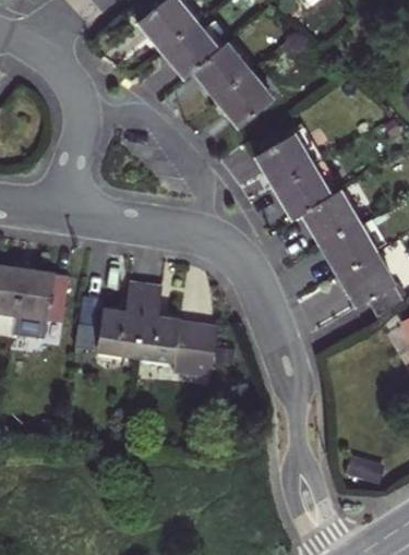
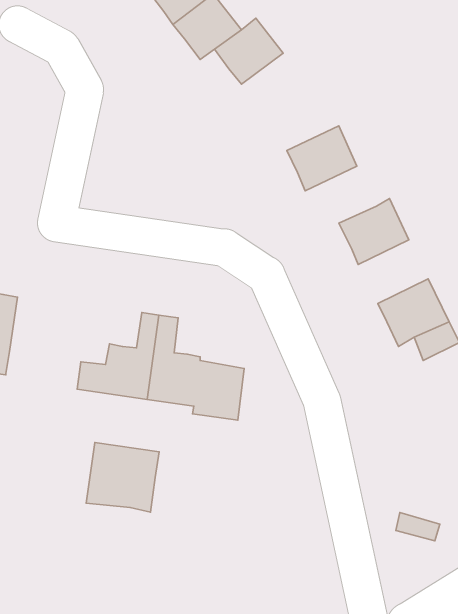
building: [215,64,270,118] -> none
building: [268,159,328,214] -> none
building: [313,221,372,275] -> none
building: [16,269,69,338] -> none
building: none -> [86,443,159,512]

